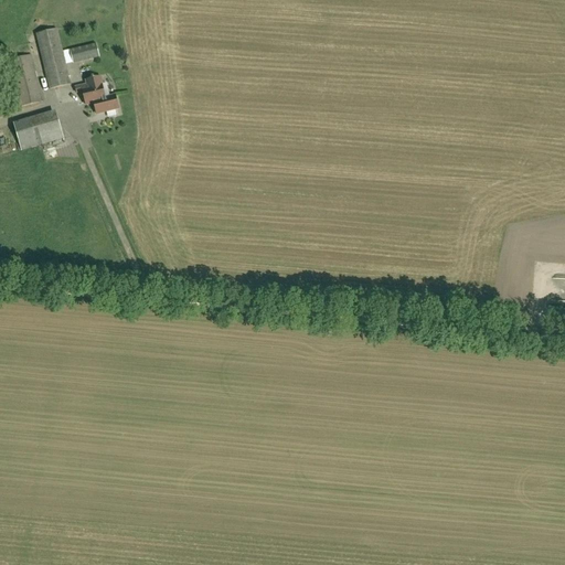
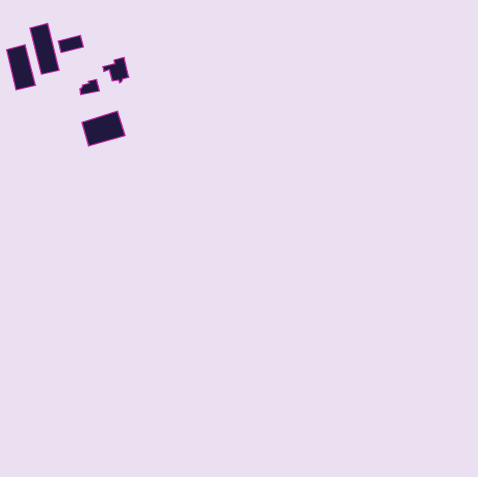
building: [74,75,105,105] -> [103,57,129,83]
building: [12,108,63,149] -> [82,111,125,146]

